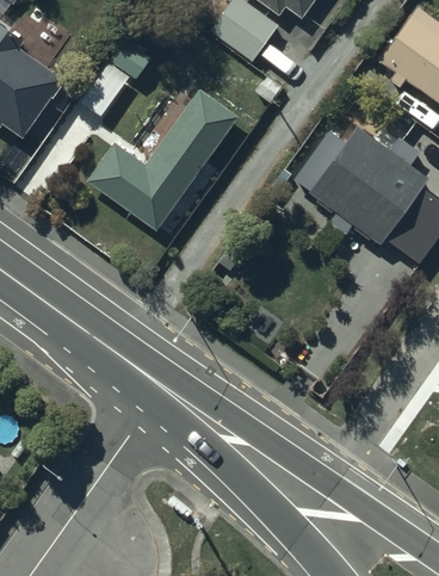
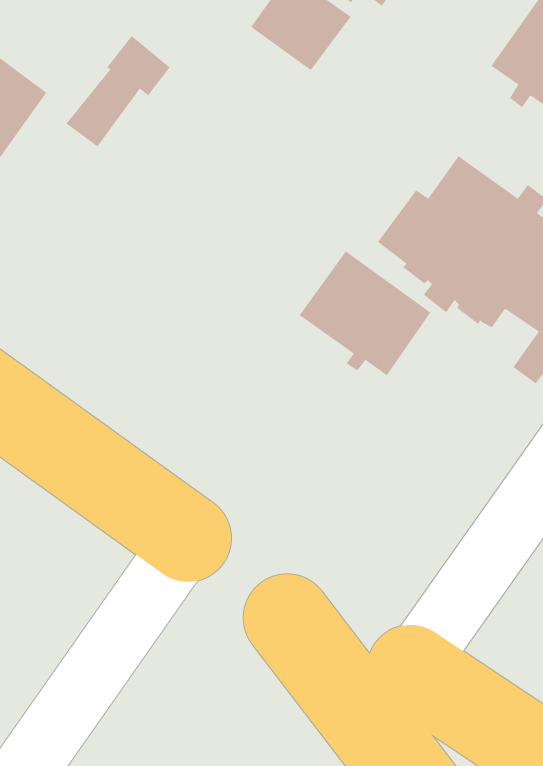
building: [87,91,239,231] -> none
building: none -> [299,251,431,376]

